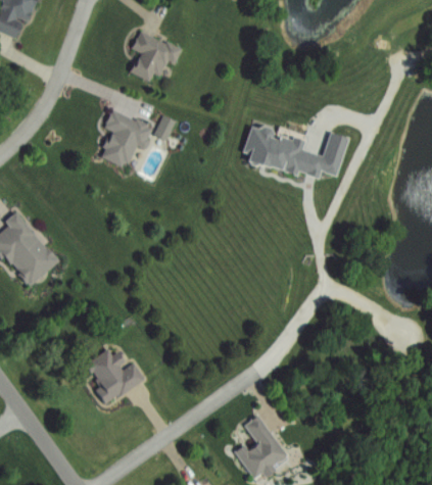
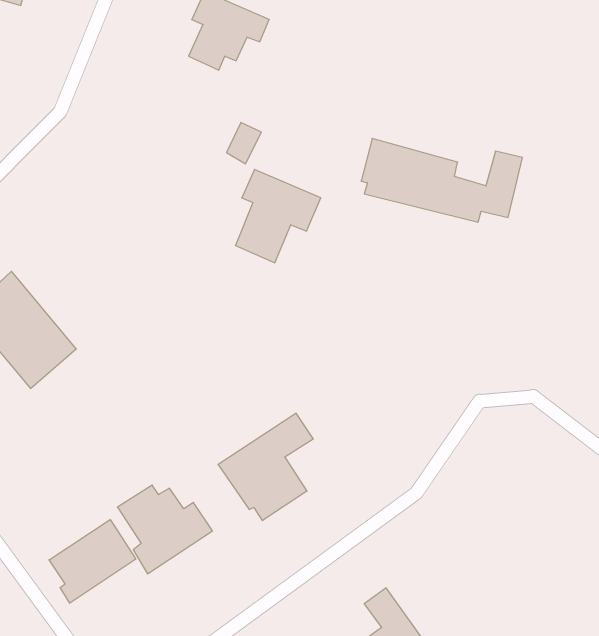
building: [100,108,155,168] -> [235,169,321,263]
building: none -> [218,413,313,521]
building: none -> [49,520,136,603]

